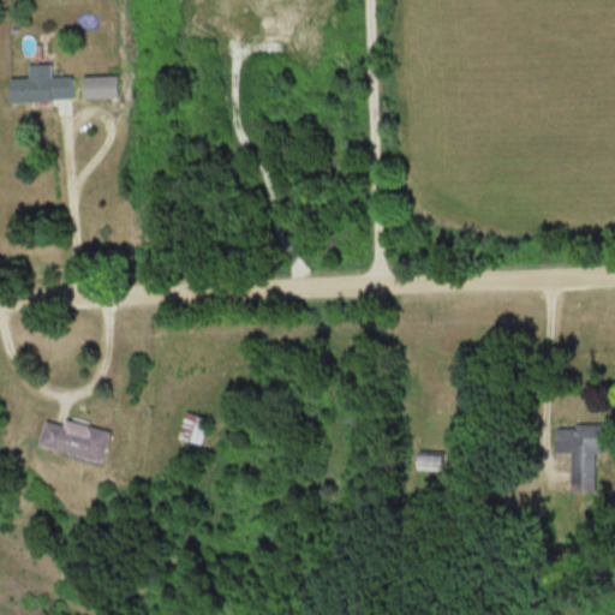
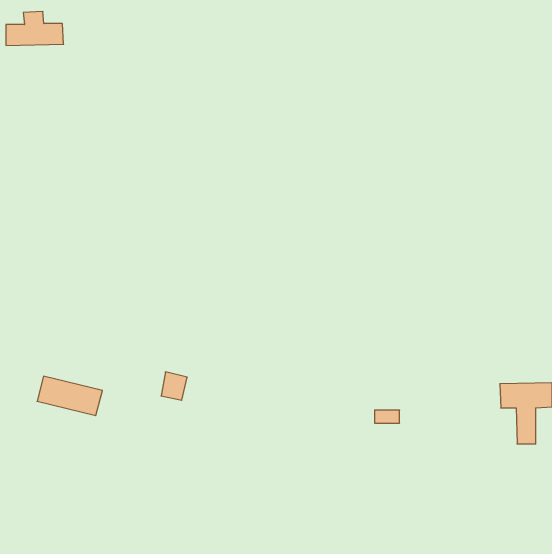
building: [8,65,72,102] -> [6,12,64,45]
building: [82,77,120,100] -> none

